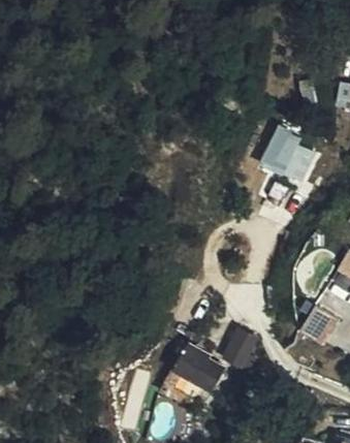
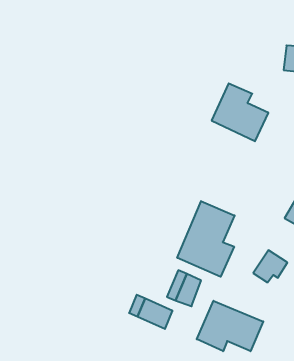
building: none -> [177,201,235,277]
building: none -> [197,301,263,351]

